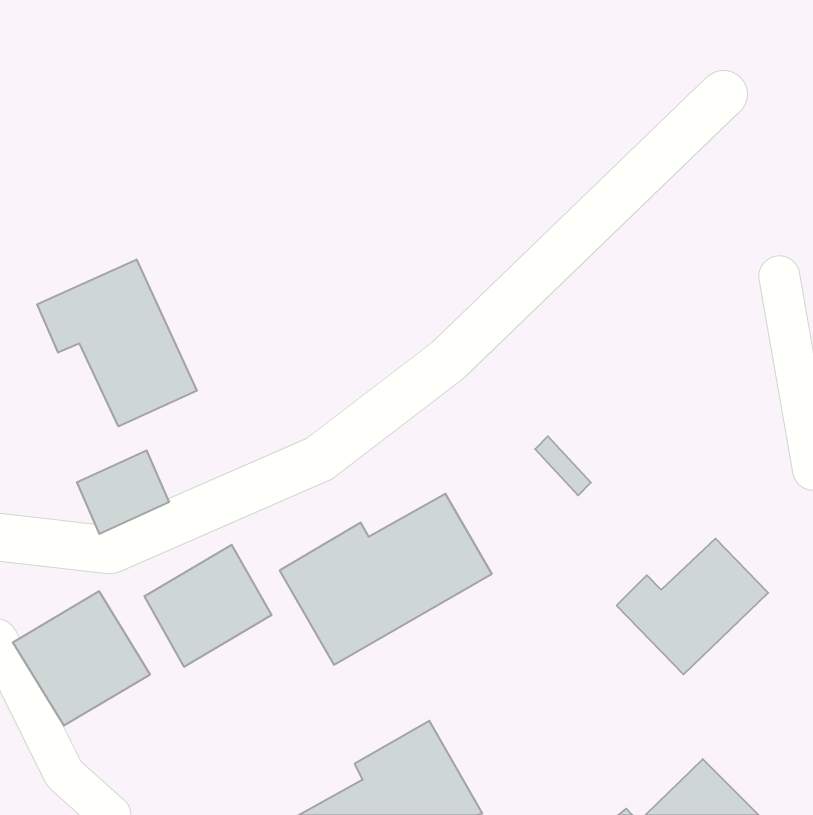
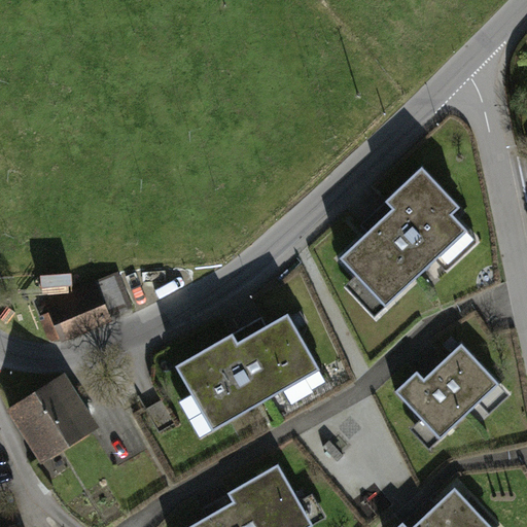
building: [37,259,197,426] -> none
building: none -> [344,168,465,303]
building: [144,545,271,667] -> none

